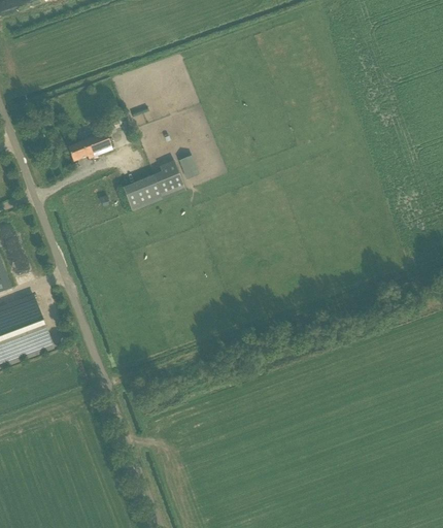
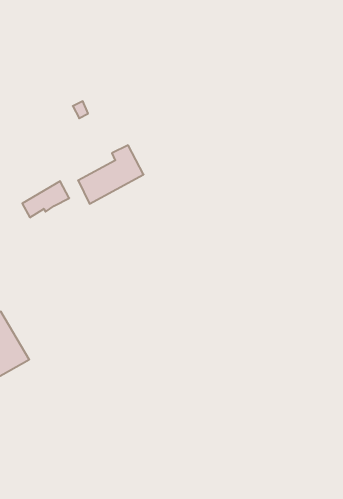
building: [65,130,110,160] -> [22,181,69,217]

